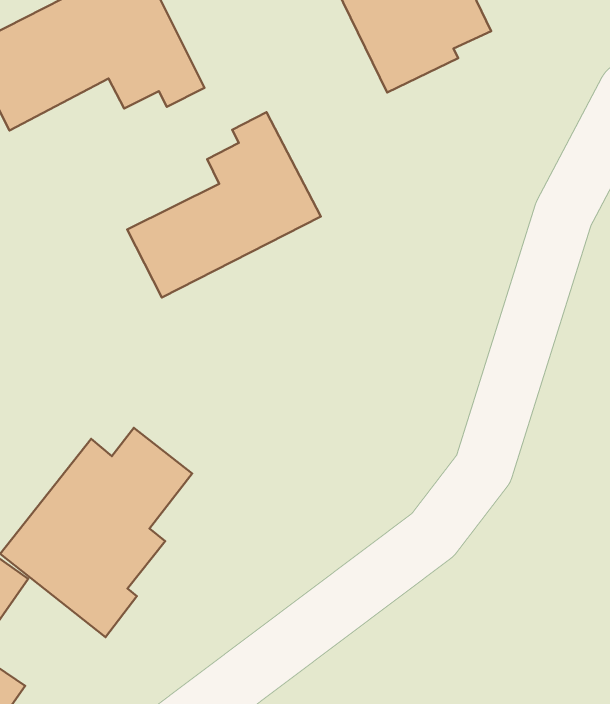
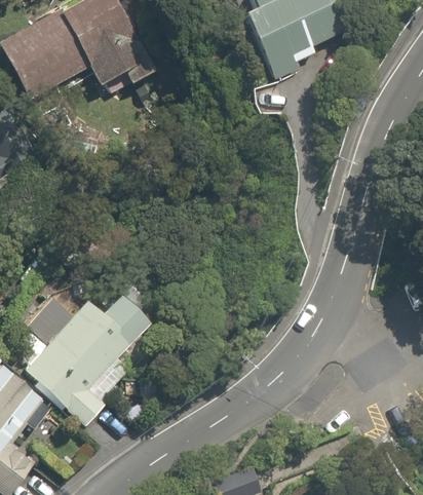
building: [127,112,321,298] -> none

